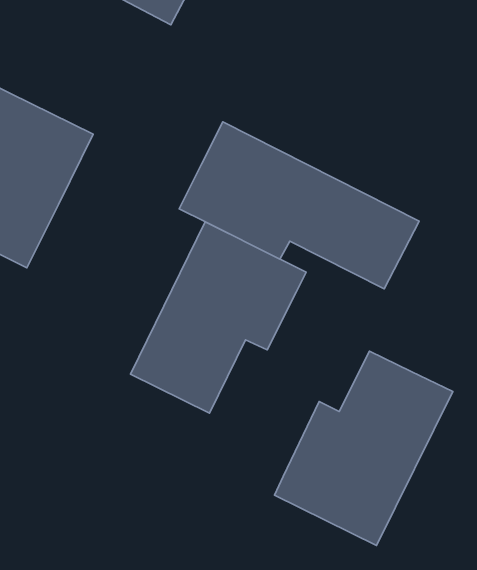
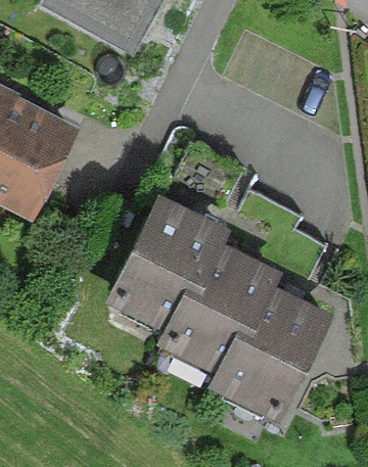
building: [179,122,419,289] -> none
building: none -> [153,242,281,373]

